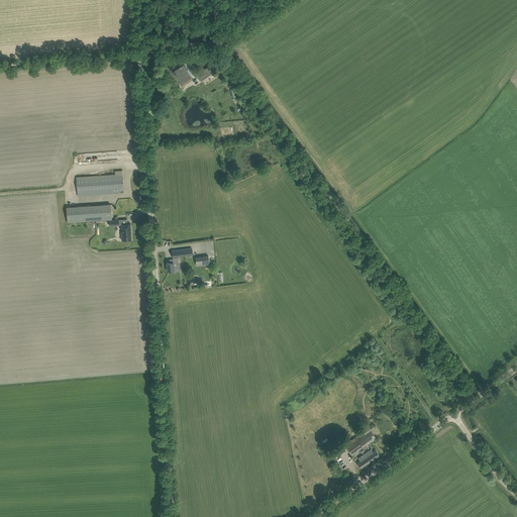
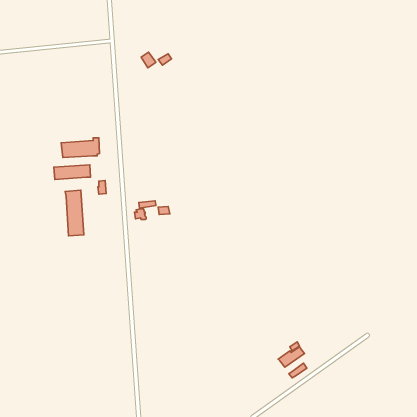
building: none -> [65,190,84,236]

